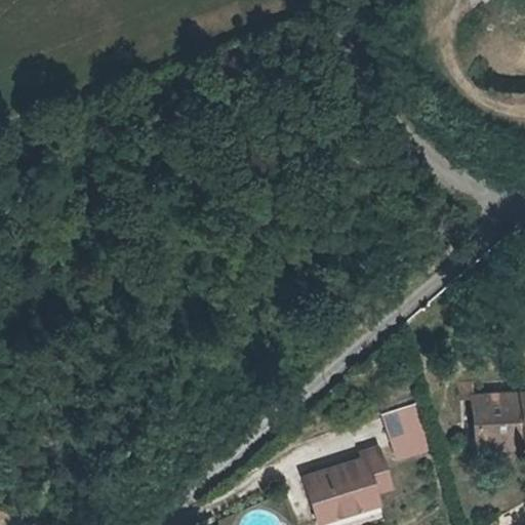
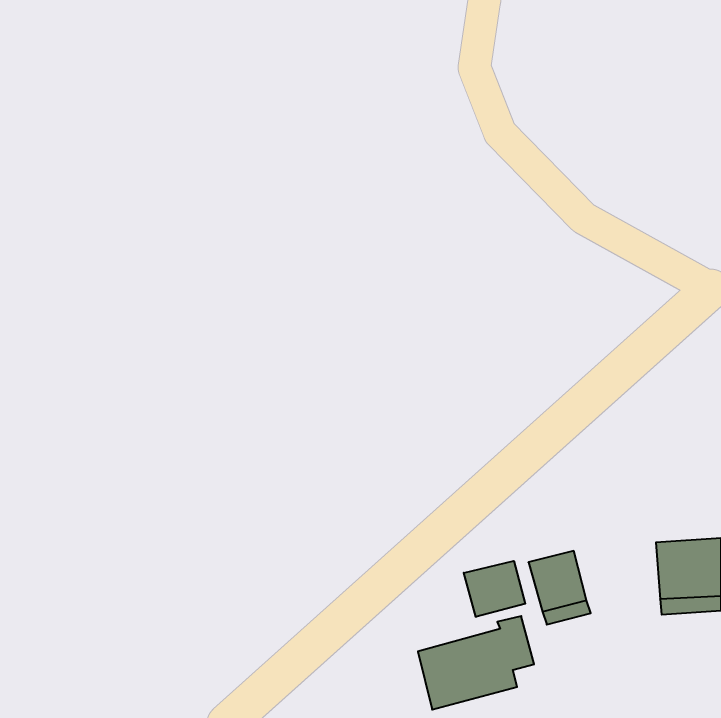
building: none -> [464,561,525,617]

